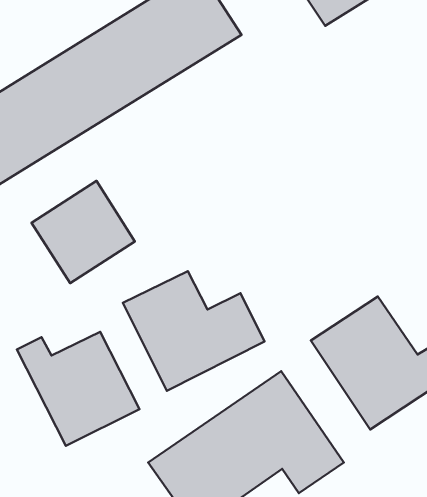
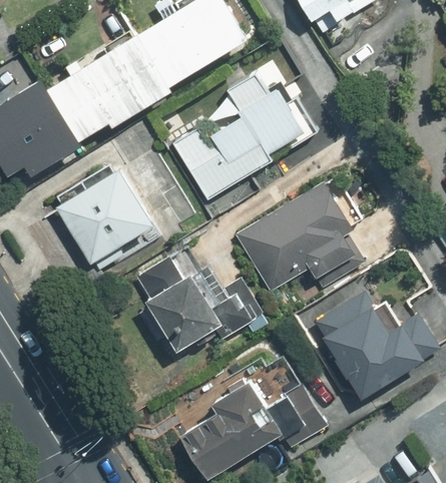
building: none -> [161,60,323,206]
building: none -> [236,183,364,301]
building: [17,332,139,446] -> none

